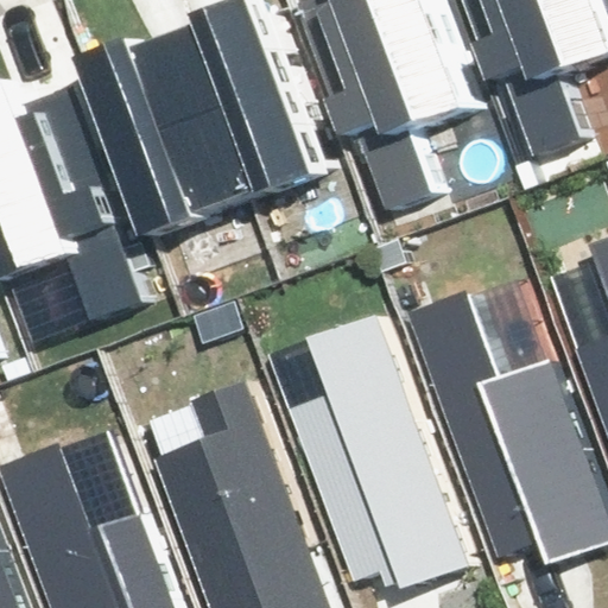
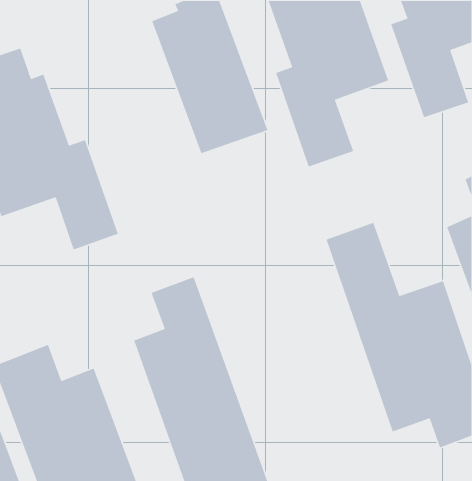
building: [93,28,251,233] -> none
building: [286,309,468,585] -> none

